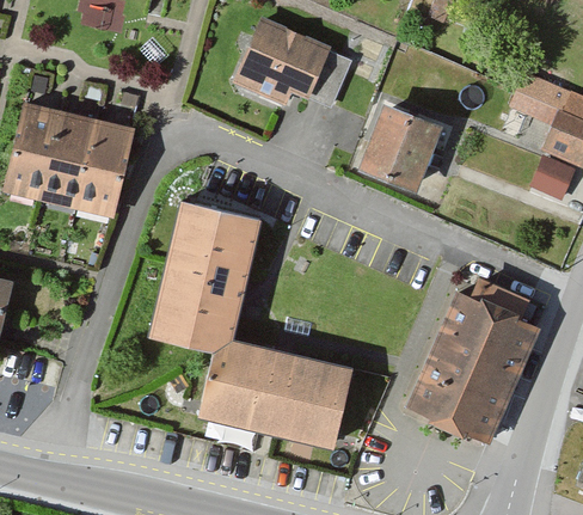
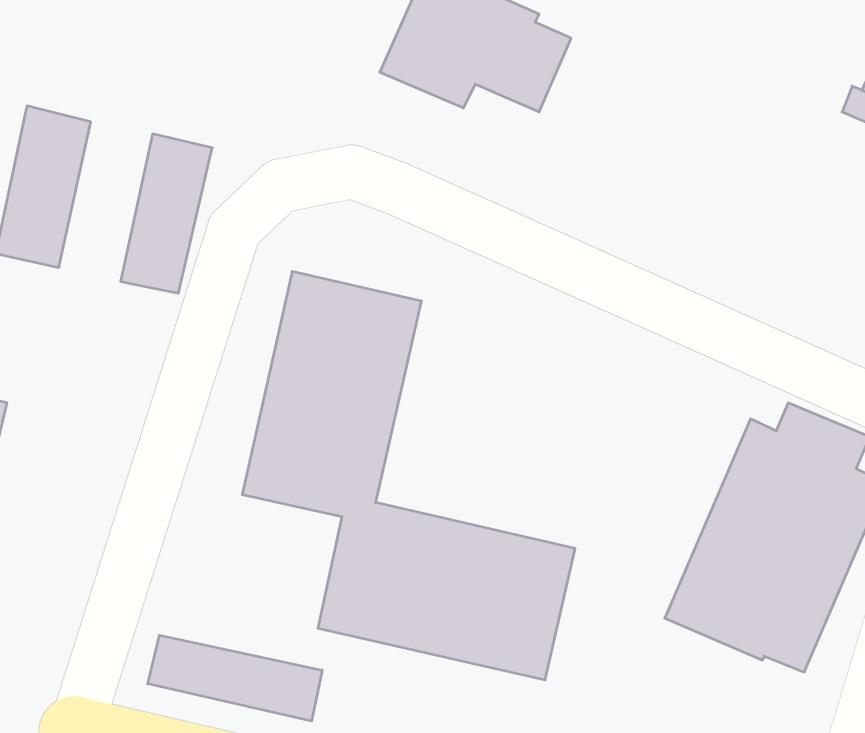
building: [361,105,442,190] -> none
building: [43,112,99,208] -> none
building: none -> [148,635,322,721]

